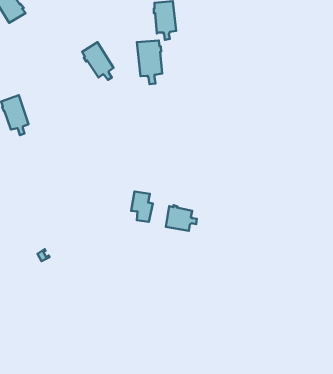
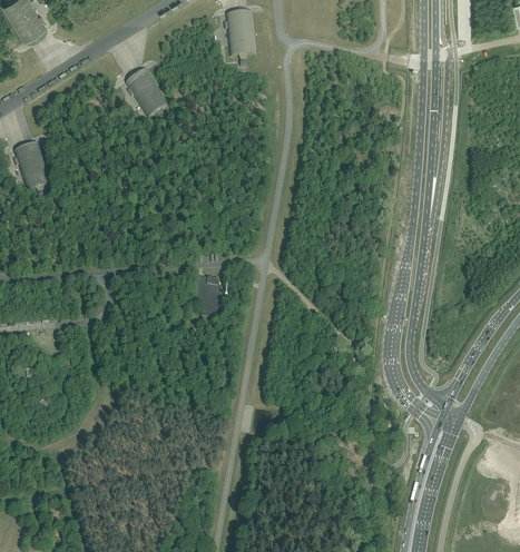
building: [137,40,162,84] -> none
building: [166,205,197,231] -> none

